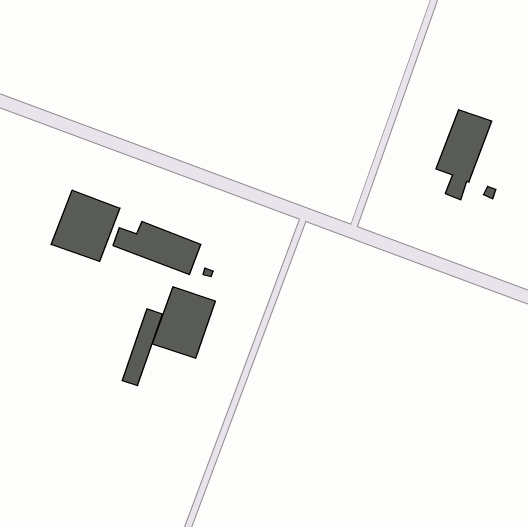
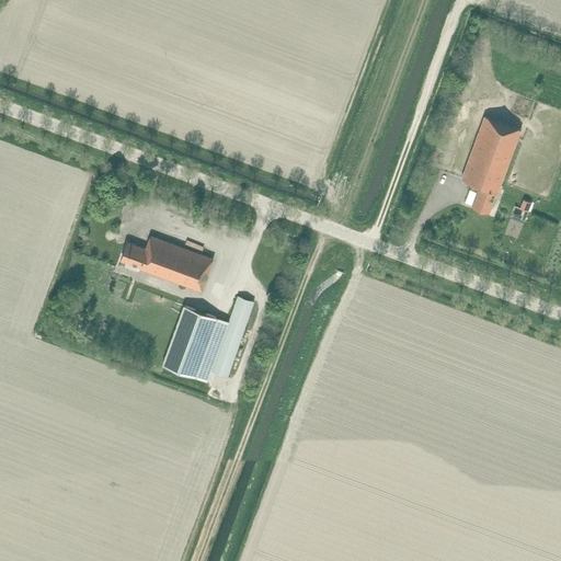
building: [51,190,120,261] -> none
building: [122,309,163,386] -> [210,297,253,378]

